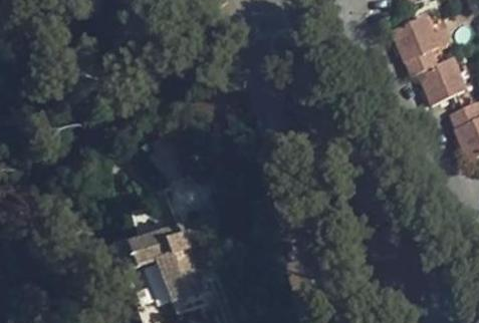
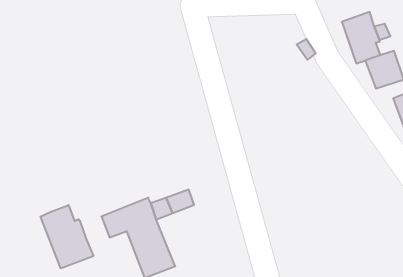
building: none -> [41,205,93,268]

